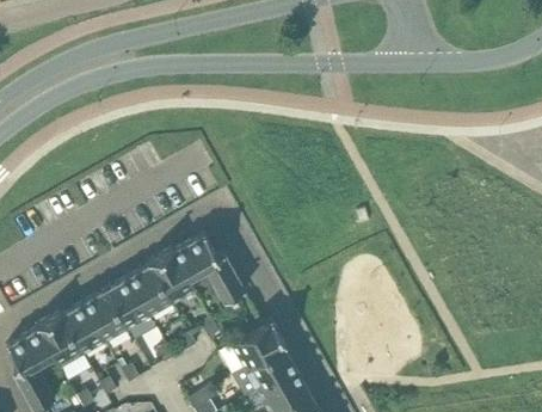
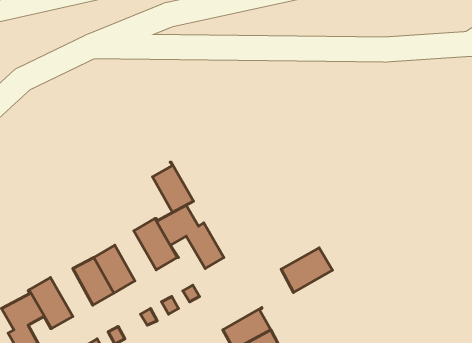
building: [127,260,171,314] -> [152,162,193,212]
building: [57,301,103,352] -> none
building: [229,319,284,367] -> [281,248,332,292]

